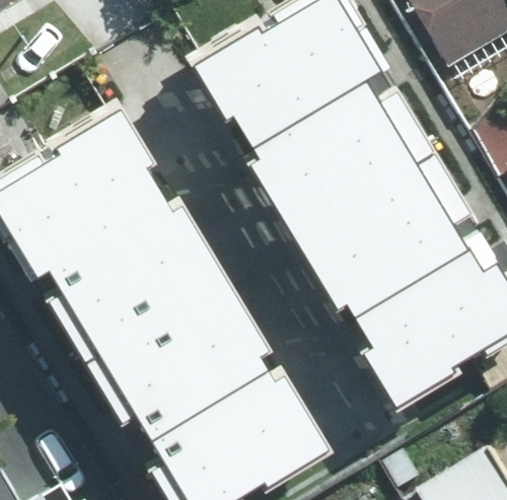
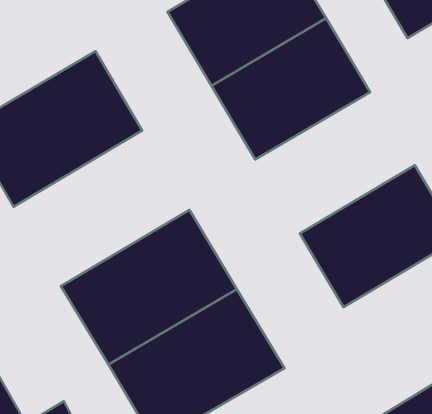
building: [292,136,469,293] -> none
building: [23,178,219,352] -> none

